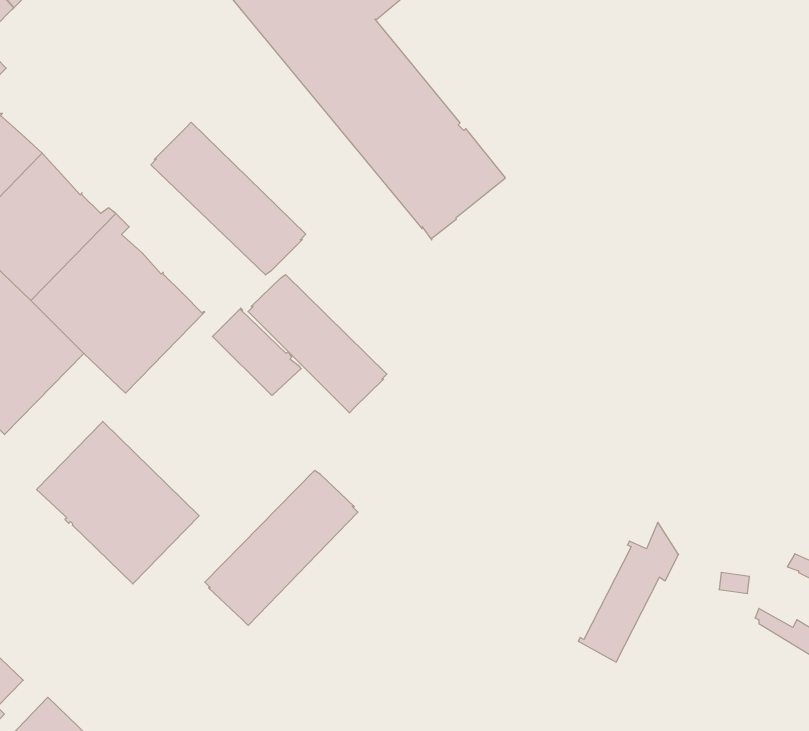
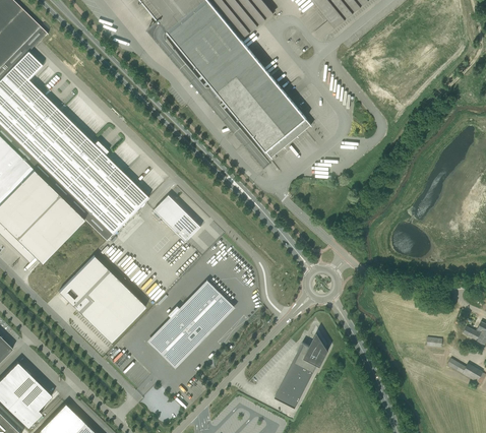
building: [151,122,306,275] -> none
building: [248,275,387,413] -> none
building: [578,522,679,662] -> [274,332,327,408]

